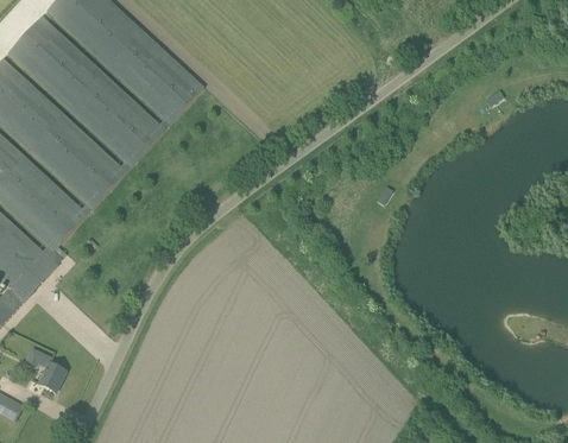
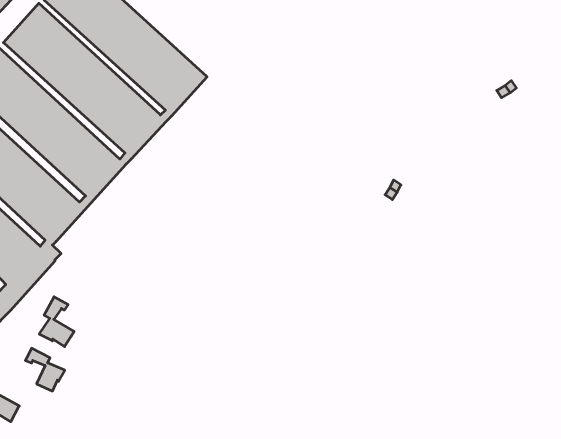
building: none -> [39,297,74,347]

